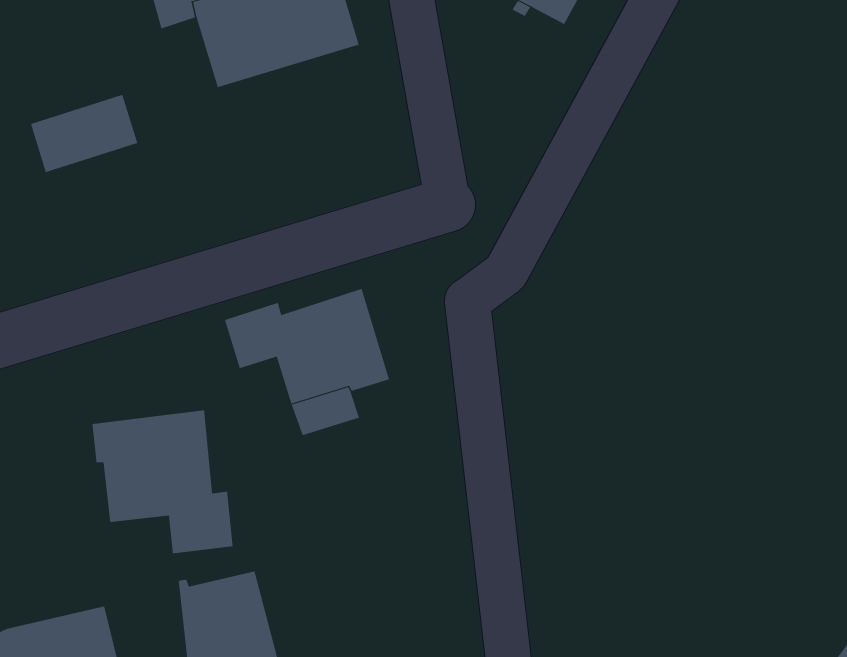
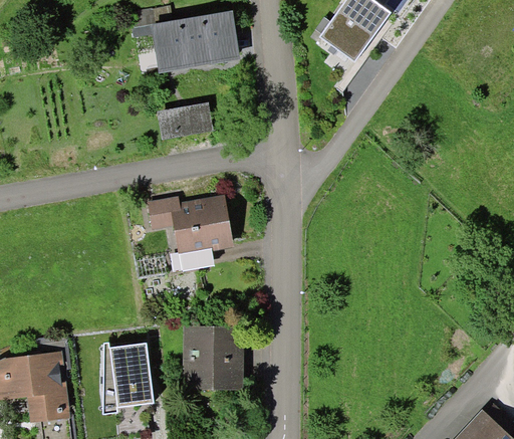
building: [30,94,138,173] -> [156,101,214,140]
building: [92,410,233,554] -> none
building: none -> [183,325,244,390]

